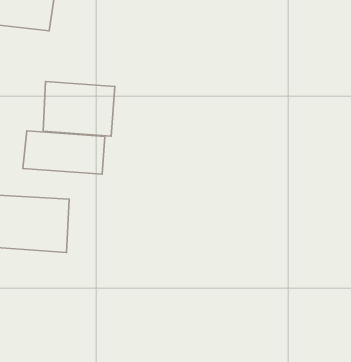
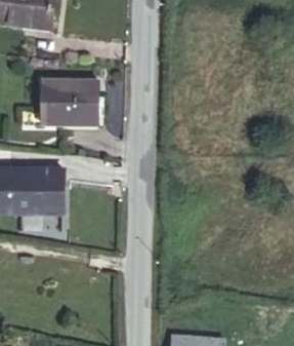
building: [23,131,105,174] -> none

